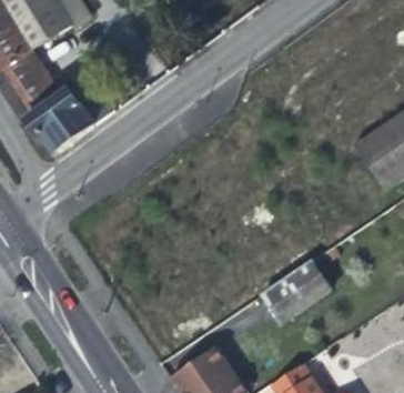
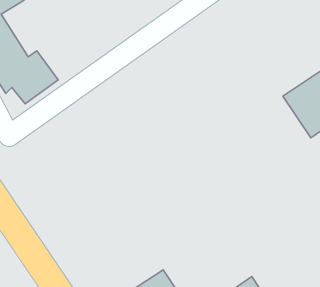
building: [260,259,332,325] -> none

